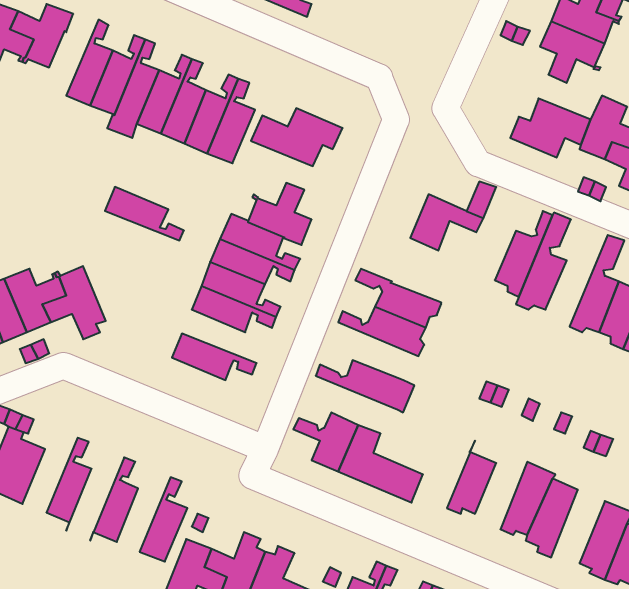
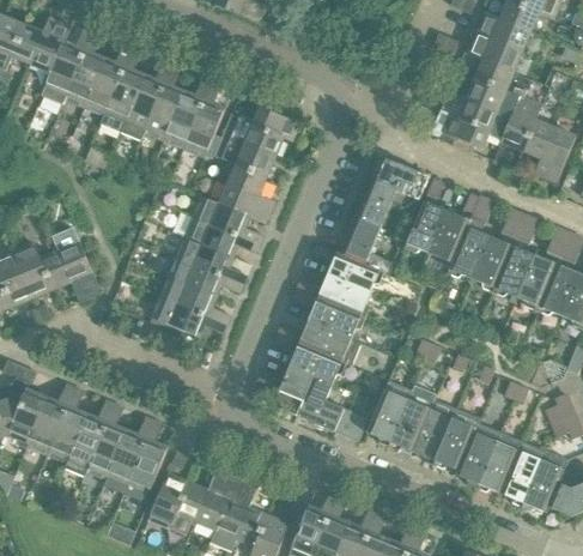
building: none -> [44,28,92,96]
building: none -> [466,65,520,116]
building: none -> [213,134,274,189]
building: none -> [372,157,415,194]
building: [105,187,184,240] -> [163,278,230,324]
building: none -> [403,179,447,253]
building: none -> [472,208,524,292]
building: none -> [340,217,393,274]
building: none -> [291,289,364,338]
building: none -> [273,334,346,383]
building: none -> [366,380,412,447]
building: none -> [28,383,74,451]
building: none -> [412,399,456,465]
building: none -> [65,400,114,475]
building: none -> [108,416,153,484]
building: none -> [476,431,522,494]

